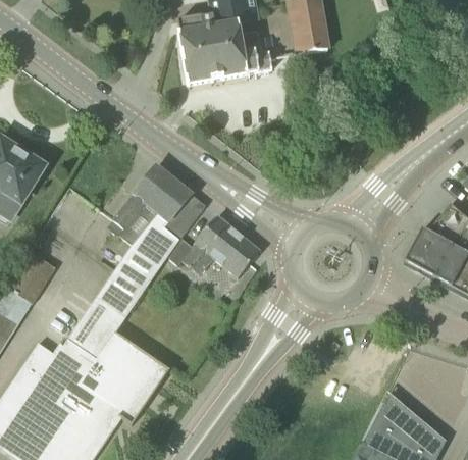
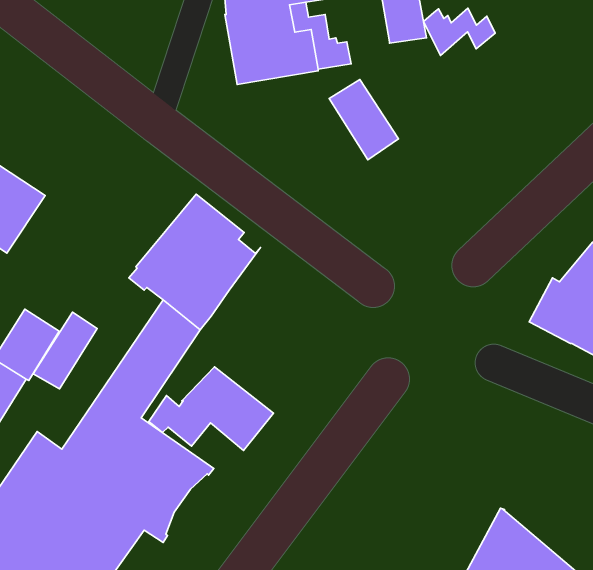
building: none -> [423,8,495,55]
building: none -> [329,79,399,160]
building: [168,215,261,277] -> [149,367,274,450]
building: none -> [33,312,97,389]

